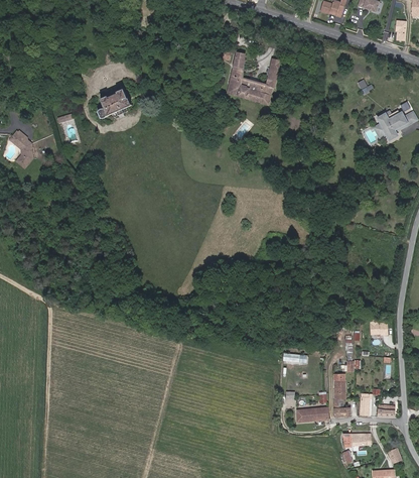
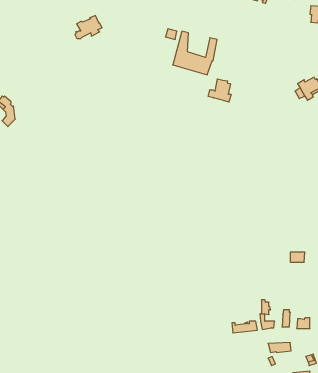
building: [98,89,131,117] -> [75,16,102,39]
building: none -> [208,79,231,102]

